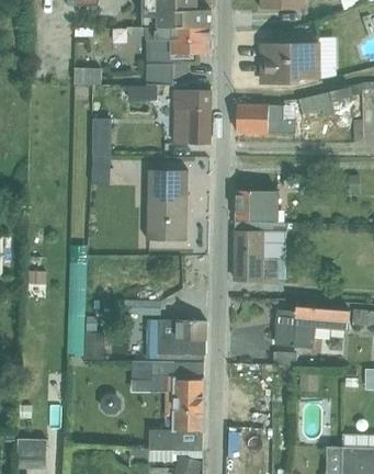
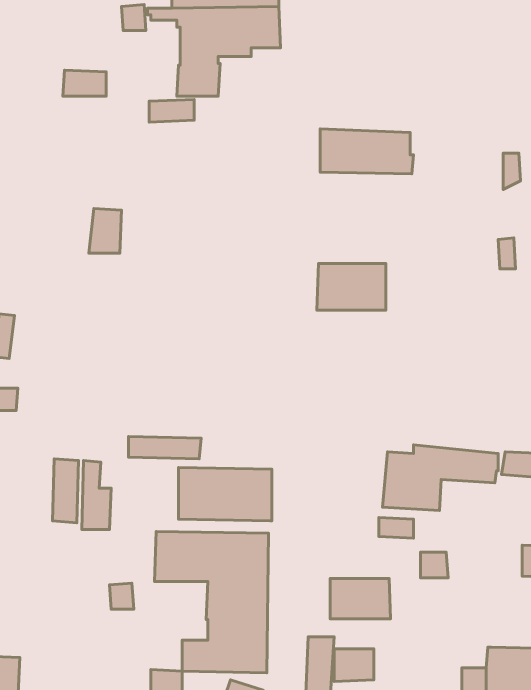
building: [261,42,320,83] -> none
building: [299,82,363,116] -> none
building: [173,89,212,144] -> none
building: [91,117,111,156] -> none
building: [147,169,188,240] -> none
building: [234,221,287,279] -> none
building: none -> [330,578,391,619]

